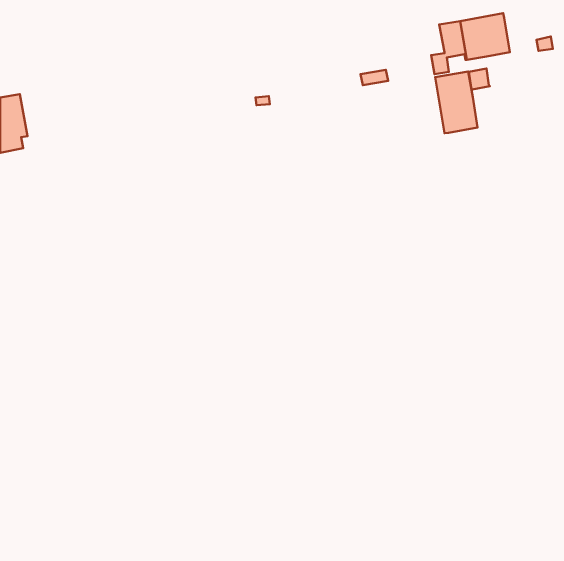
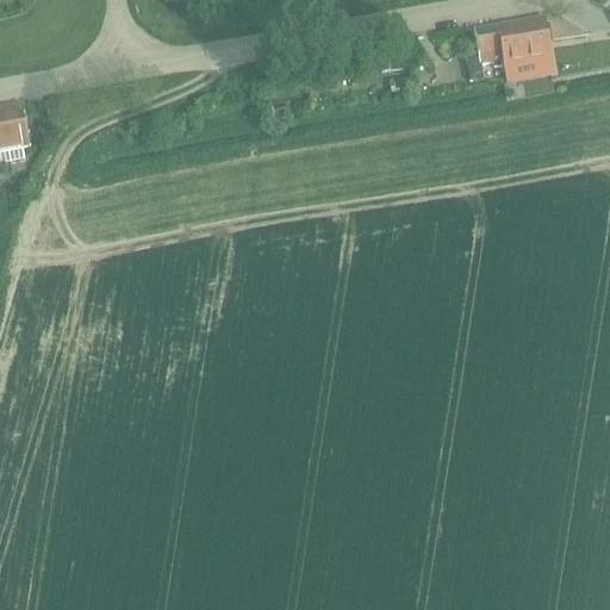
building: [435,71,478,133] -> none

